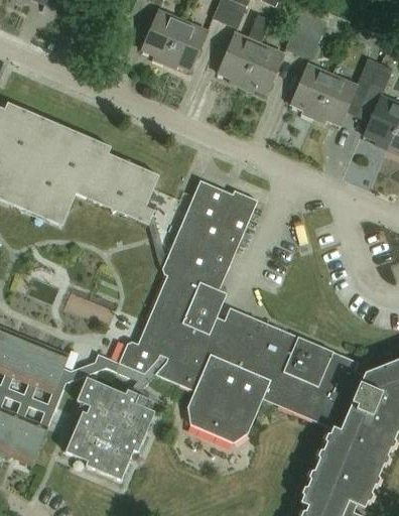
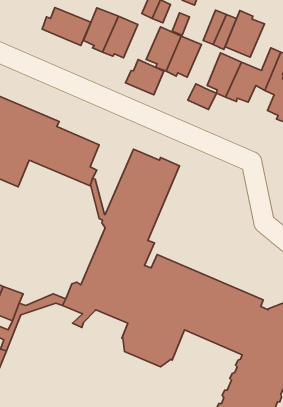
building: none -> [42,7,91,45]
building: none -> [225,10,264,57]
building: none -> [126,59,164,95]
building: none -> [188,84,216,109]
building: [66,378,155,480] -> none

